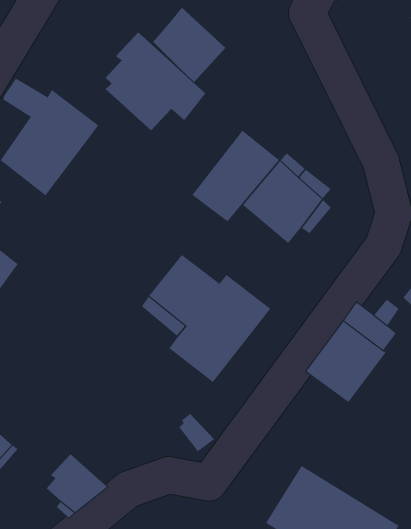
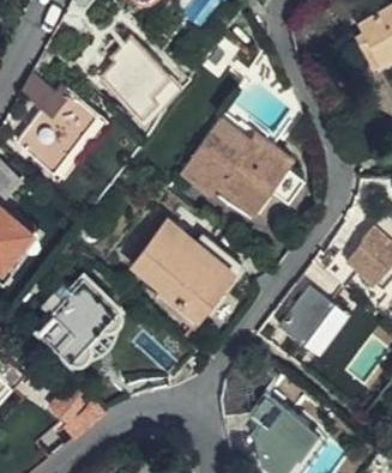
building: [152,7,226,83] -> none
building: none -> [34,278,119,366]

